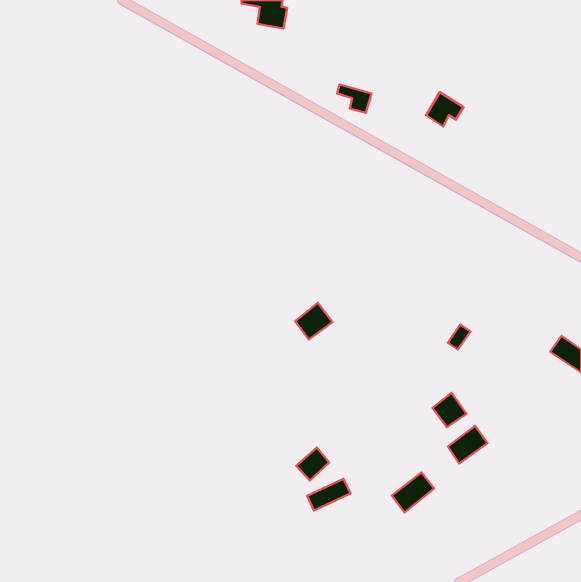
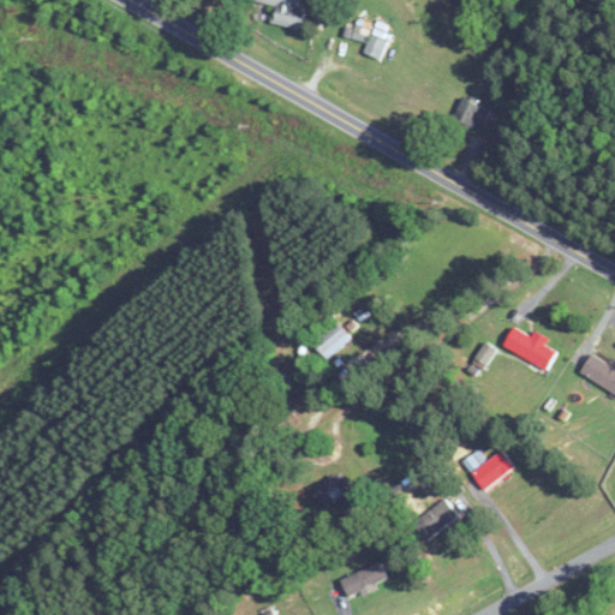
building: [337,85,371,113] -> [351,29,387,59]
building: none -> [503,328,556,369]
building: [433,393,467,427] -> none
building: [307,479,350,511] -> [341,561,387,595]

